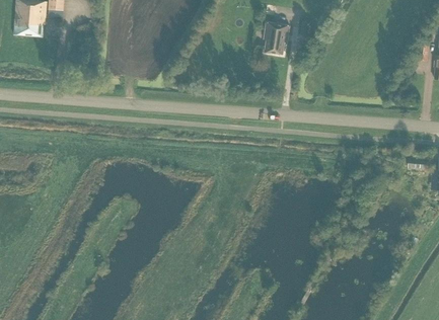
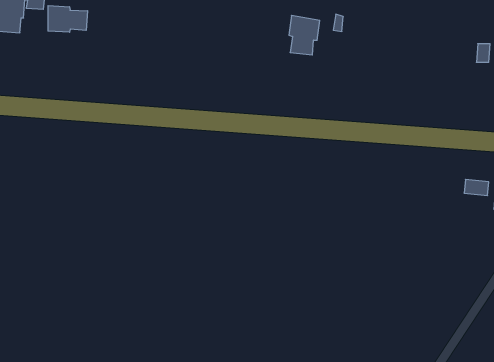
building: none -> [48,6,88,32]

